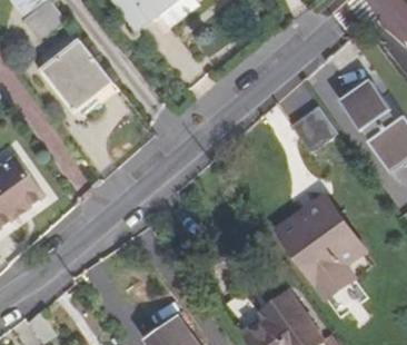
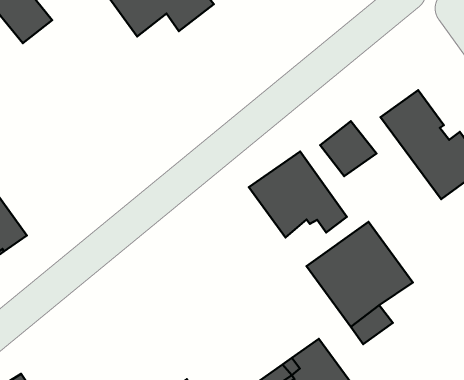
building: [43,42,120,112] -> none
building: none -> [249,152,347,238]

